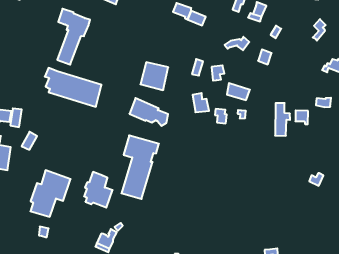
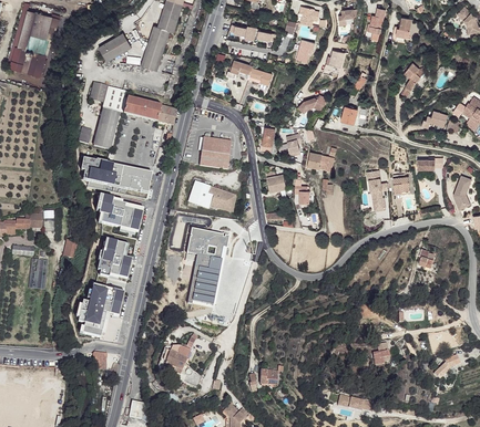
building: none -> [123,97,176,124]
building: none -> [95,190,143,231]
building: [84,172,113,208] -> [98,236,132,278]

